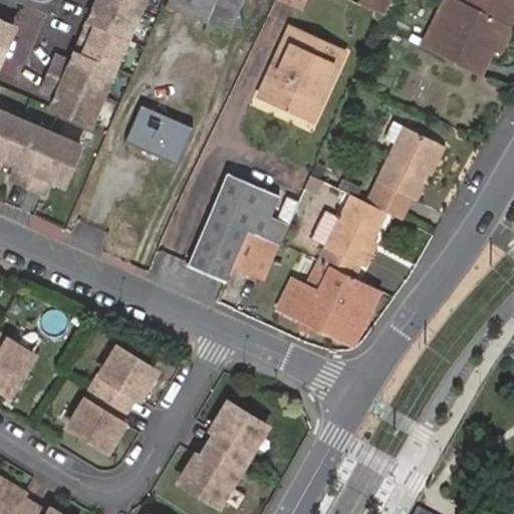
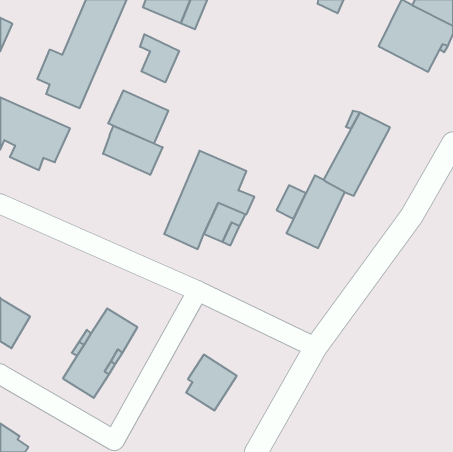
building: [256,22,349,120] -> none
building: none -> [140,34,179,82]
building: none -> [103,126,163,175]
building: [283,264,378,340] -> none
building: [181,445,243,507] -> none

